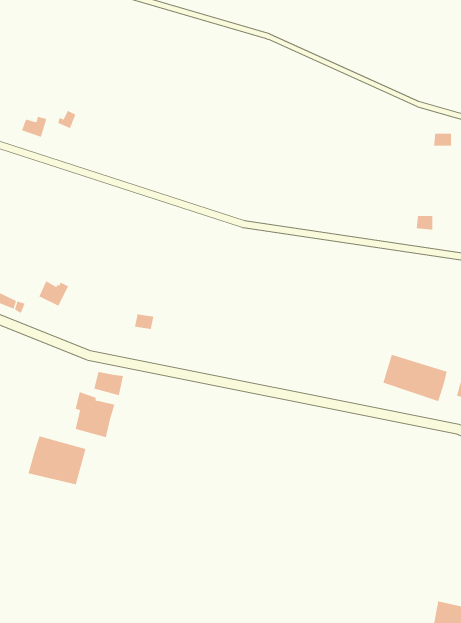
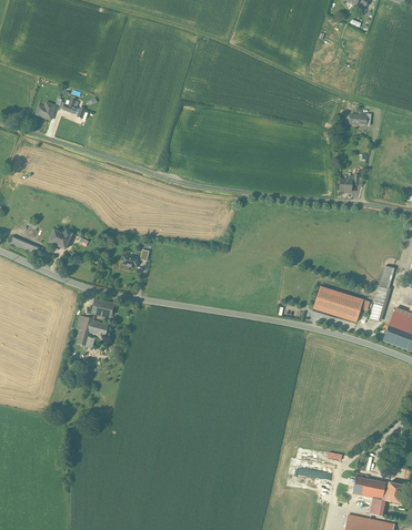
building: [28,436,86,485] -> none

